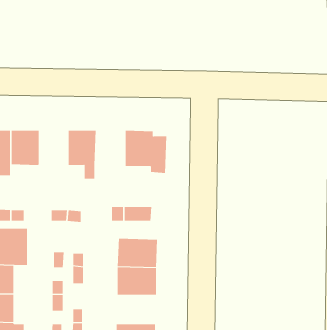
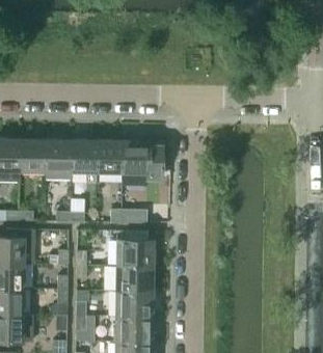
building: none -> [45,140,72,181]
building: none -> [97,140,124,173]
building: none -> [115,291,153,317]

